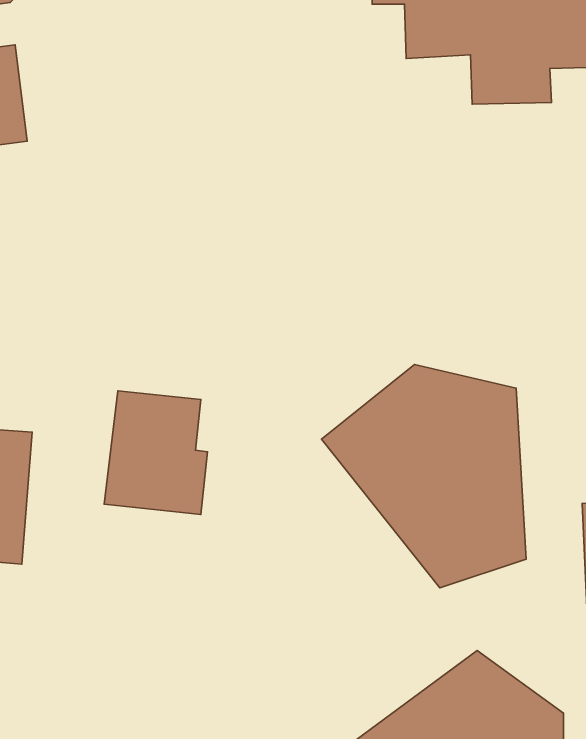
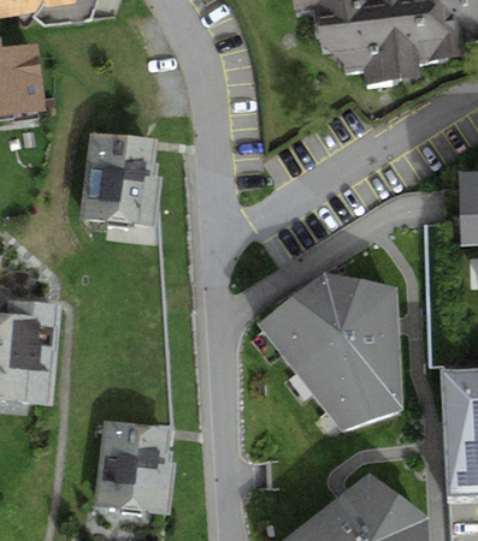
building: none -> [77,131,161,228]
building: [104,391,208,514] -> [90,433,164,521]

